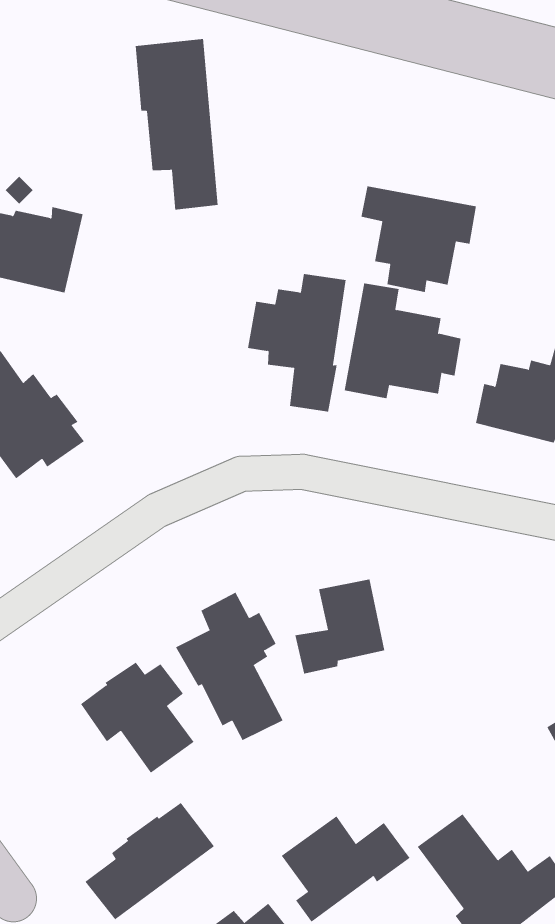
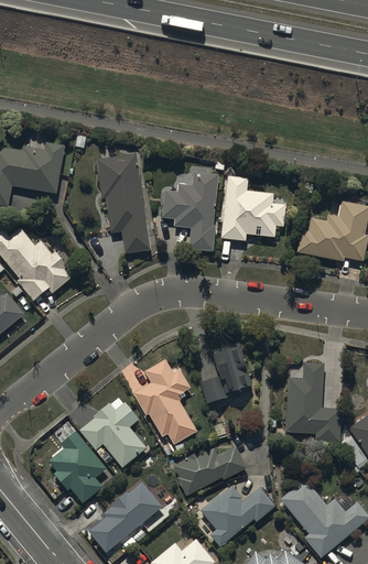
building: [135,38,219,210] -> [97,153,151,253]
building: [361,186,477,293] -> none
building: none -> [285,360,343,442]
building: none -> [48,430,107,503]
building: none -> [174,445,247,495]

